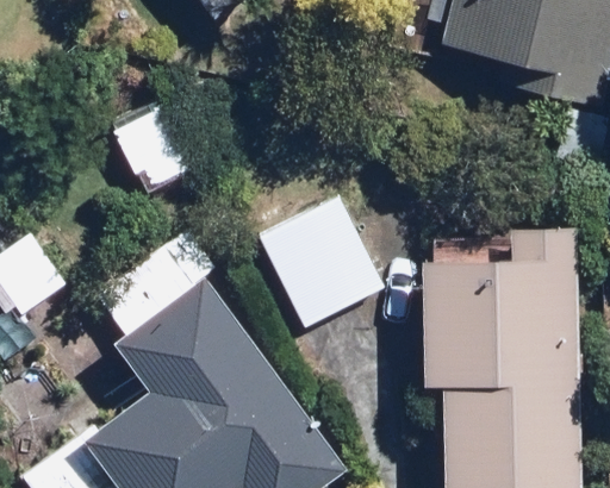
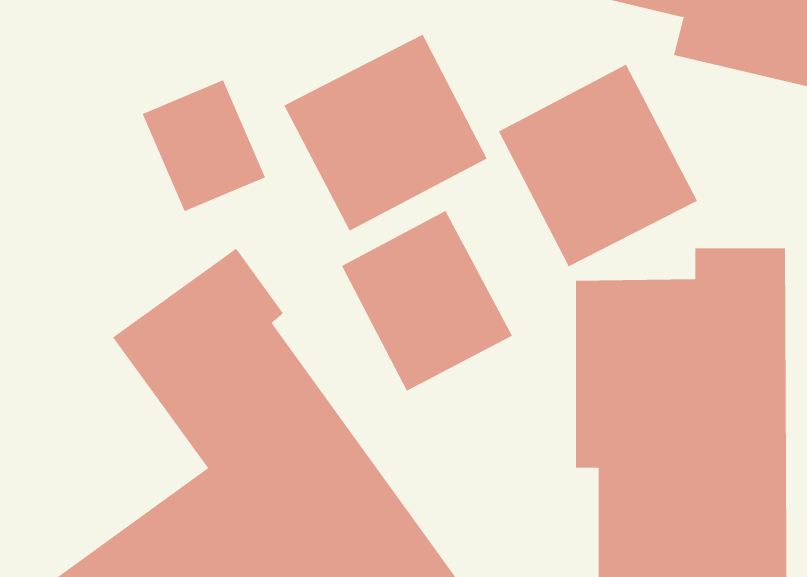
building: none -> [283,34,487,232]
building: none -> [498,64,698,267]

